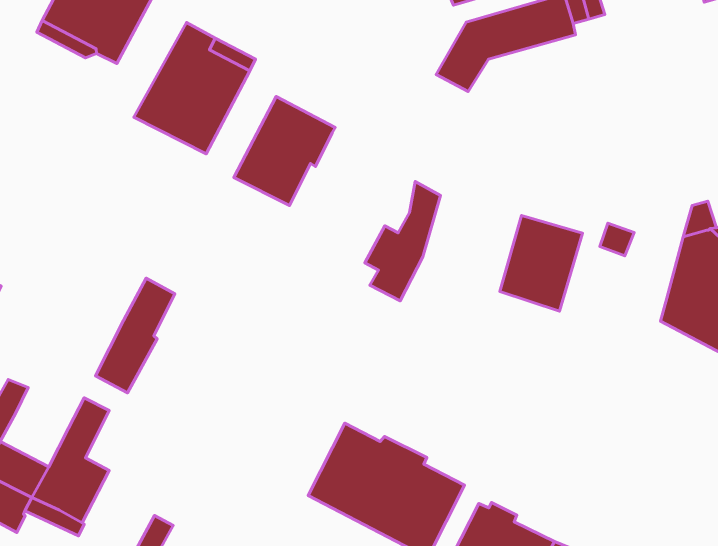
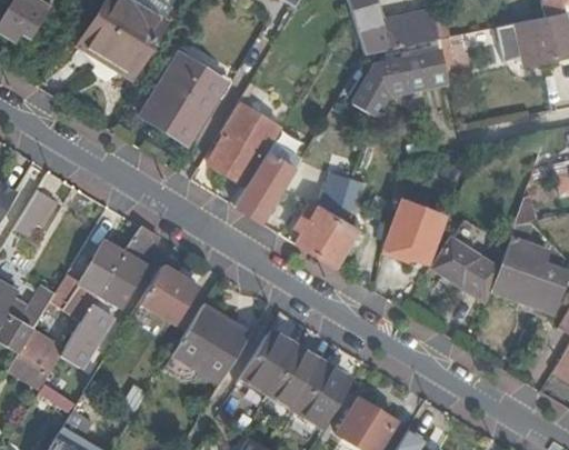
building: none -> [234,134,300,222]
building: none -> [315,181,360,266]
building: none -> [431,237,498,302]
building: none -> [44,242,123,323]
building: none -> [139,264,200,326]
building: none -> [173,304,248,381]

